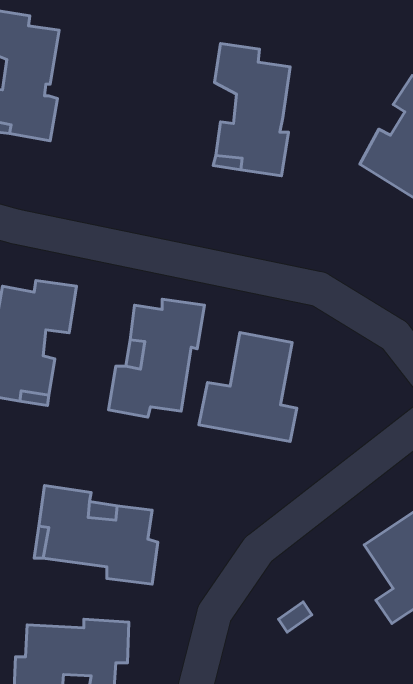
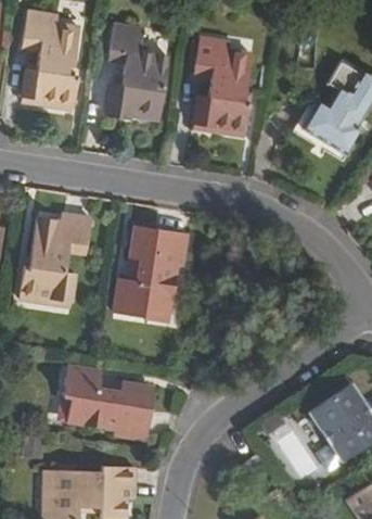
building: none -> [104,24,167,116]
building: [199,332,297,442] -> none

